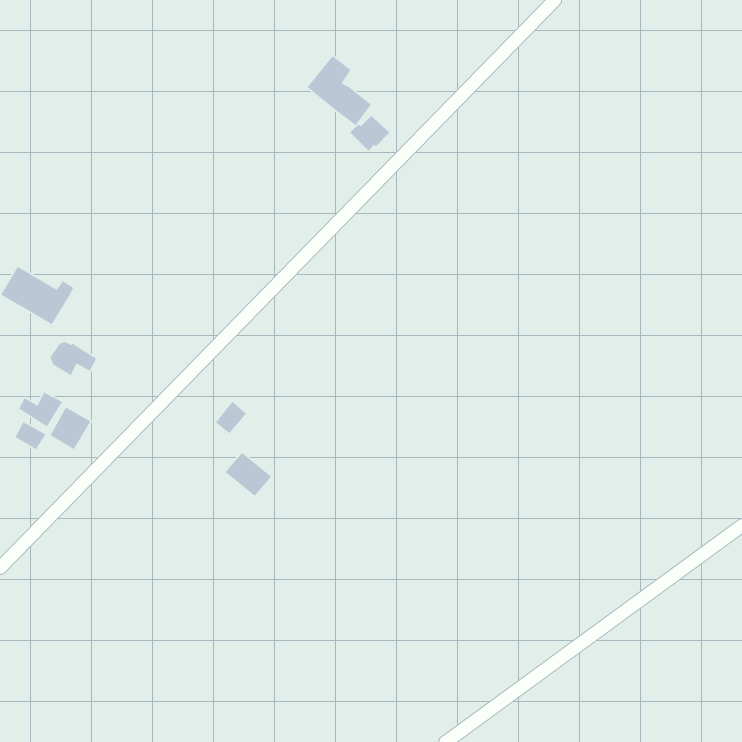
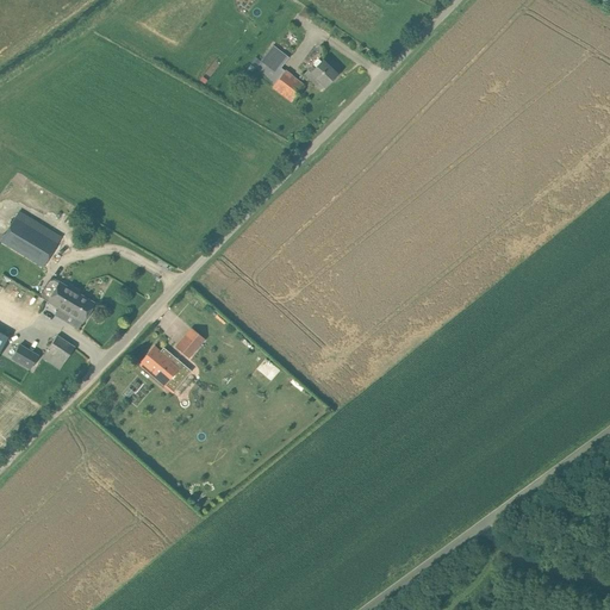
building: [350,115,390,151] -> [304,61,337,91]
building: [18,391,63,428] -> [58,294,95,324]
building: [224,452,272,497] -> [139,347,179,384]

